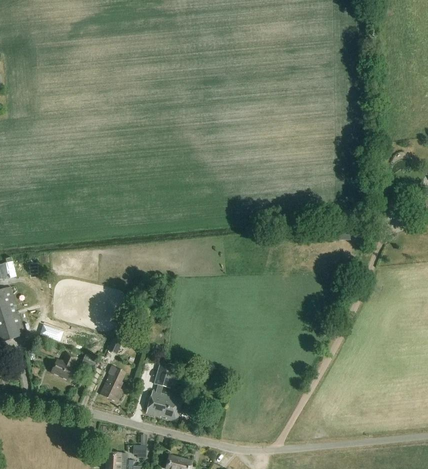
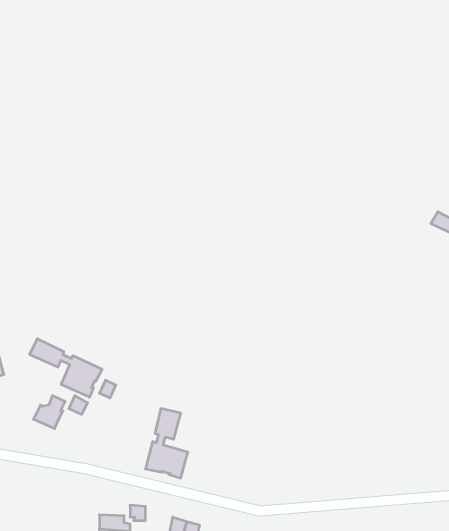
building: none -> [30,339,102,397]
building: [100,365,126,402] -> none

